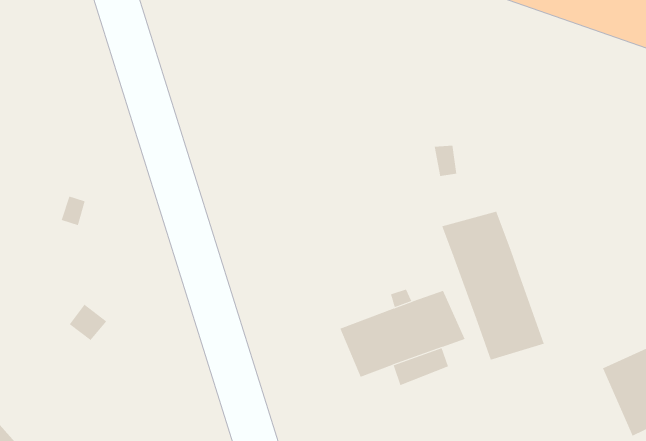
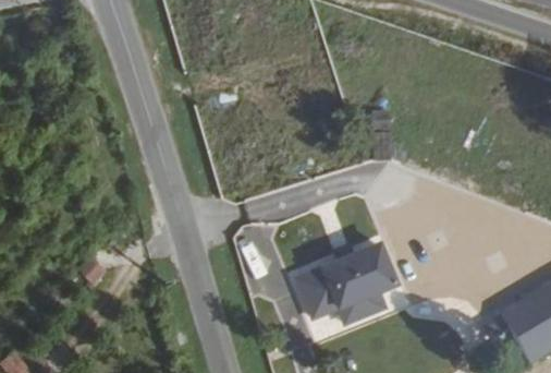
building: [442,211,544,360] -> none

